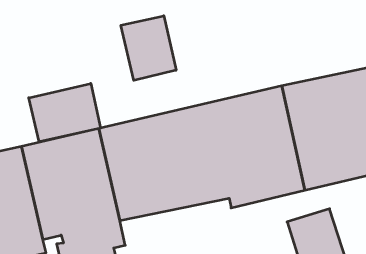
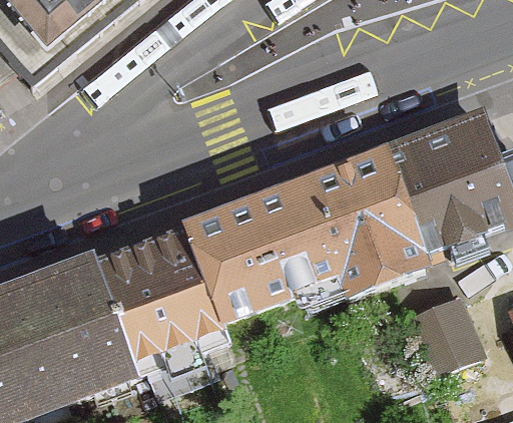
building: [121,16,176,80] -> none
building: [29,83,101,142] -> none

